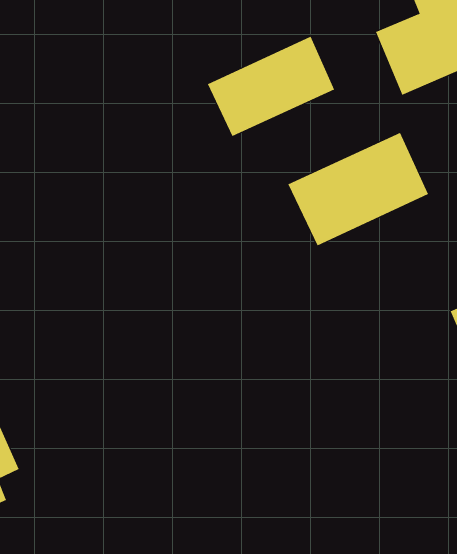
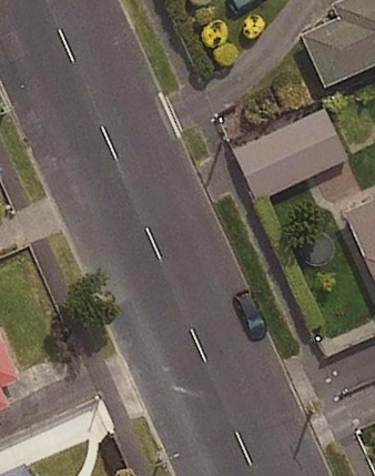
building: [207,36,335,137] -> none

